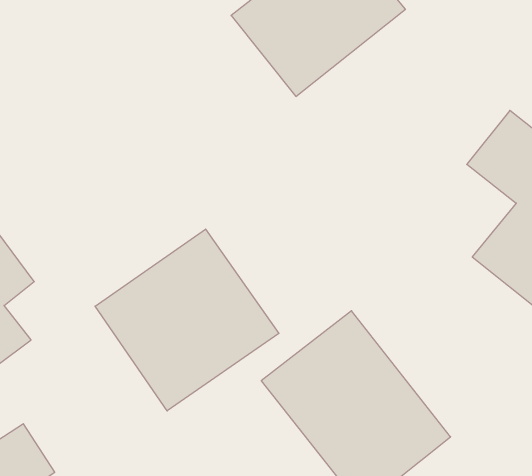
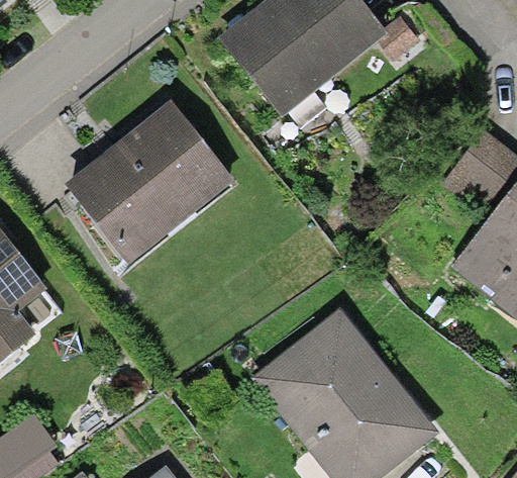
building: none -> [58,106,229,268]
building: [95,229,279,411] -> none

